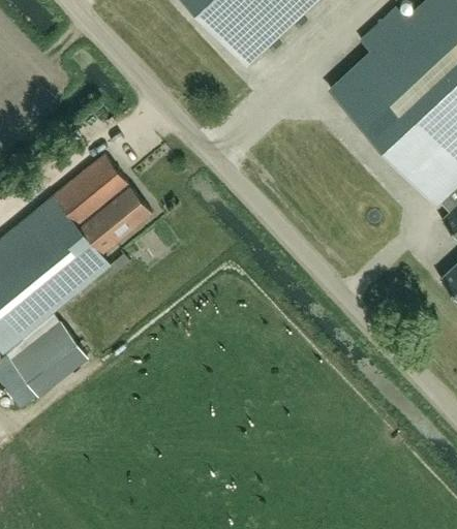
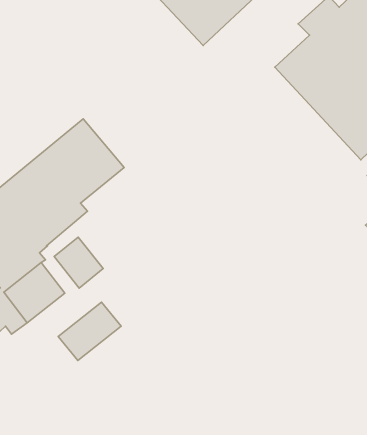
building: none -> [54,237,103,288]
building: none -> [58,302,121,360]

